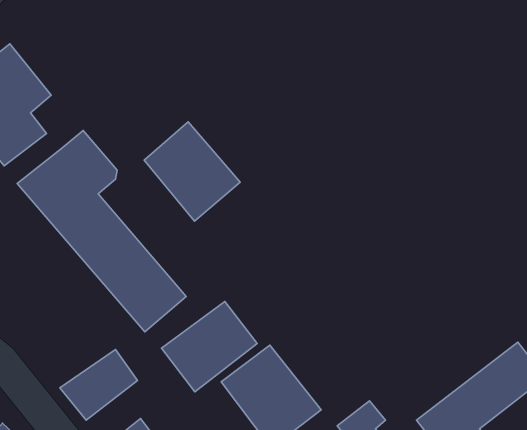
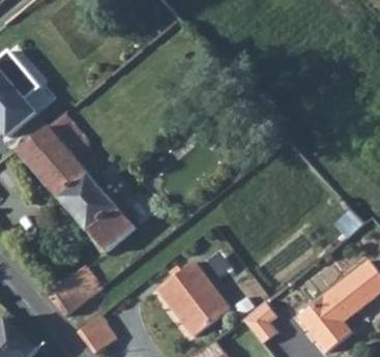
building: [144,122,240,221] -> none
building: [161,301,257,392] -> none

